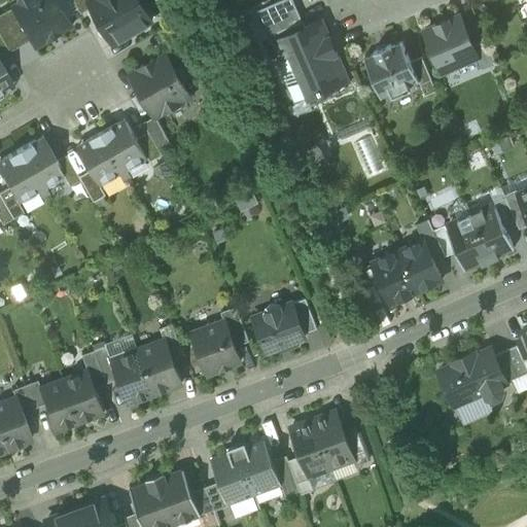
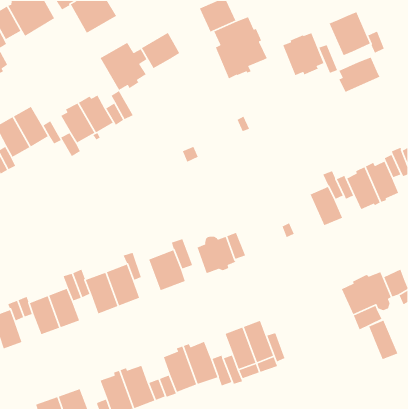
building: none -> [141,32,180,69]
building: none -> [338,57,381,93]
building: [371,250,416,304] -> none
building: none -> [368,319,399,360]

